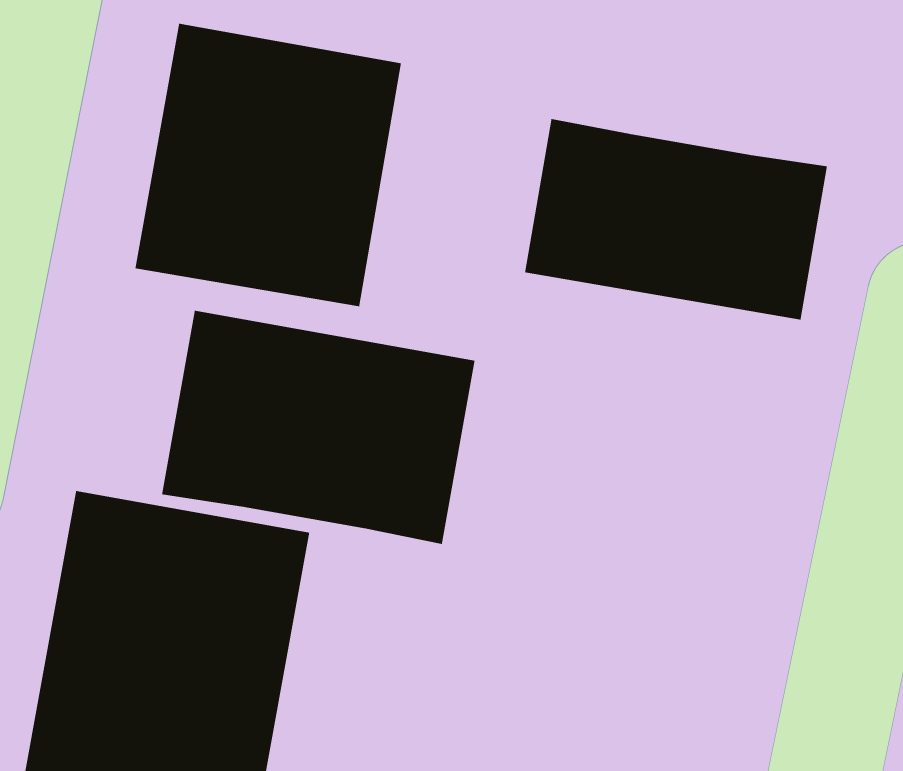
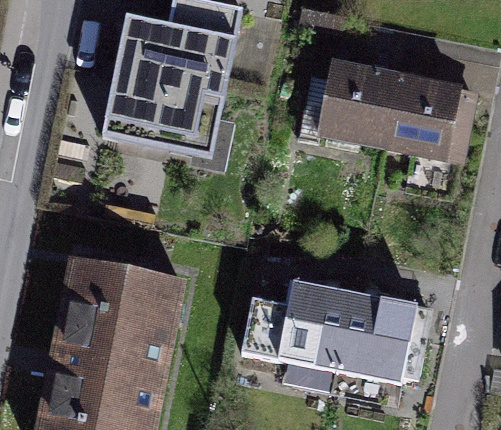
building: [161,310,475,545] -> none
building: none -> [266,276,425,380]

